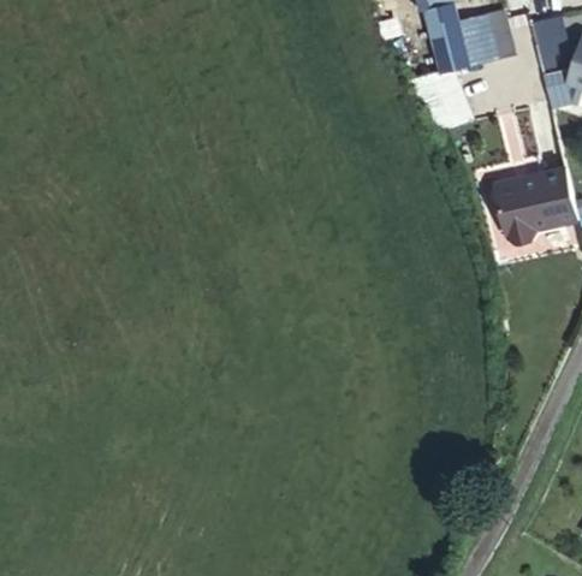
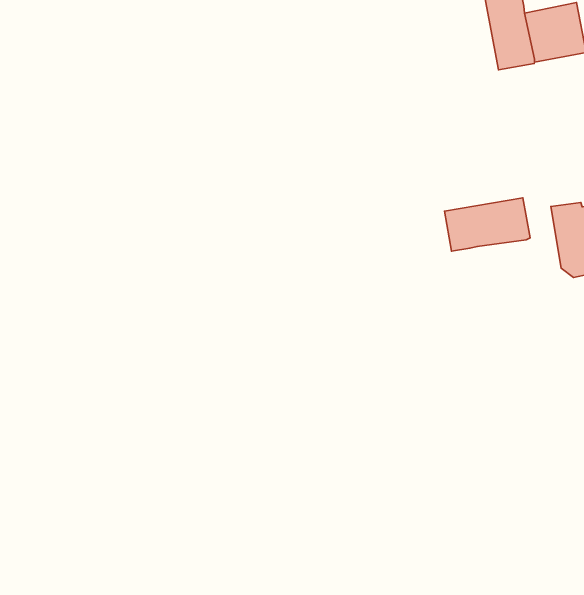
building: none -> [445,198,530,251]

